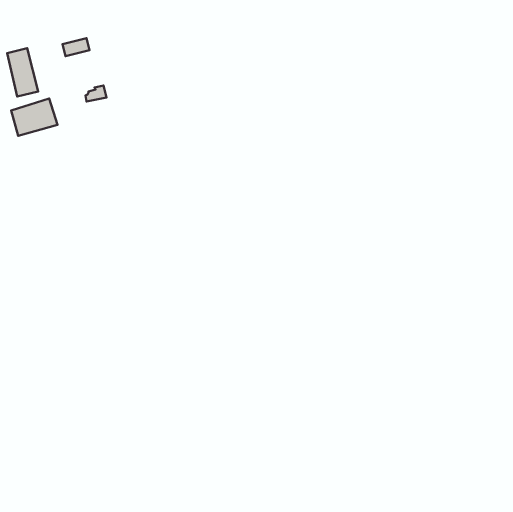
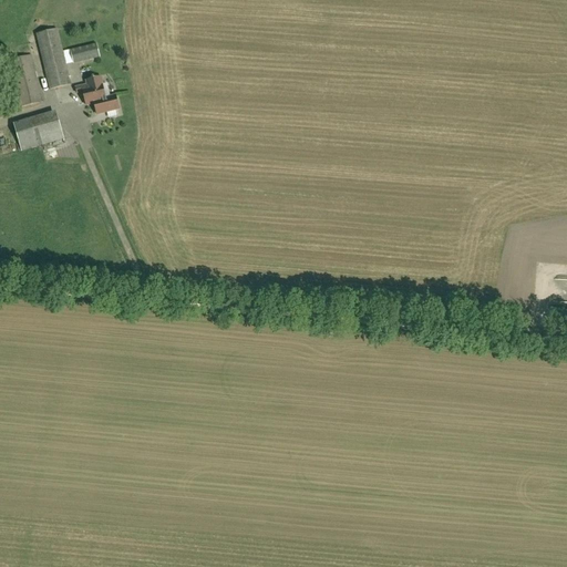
building: none -> [35,28,70,87]
building: none -> [74,75,105,105]

